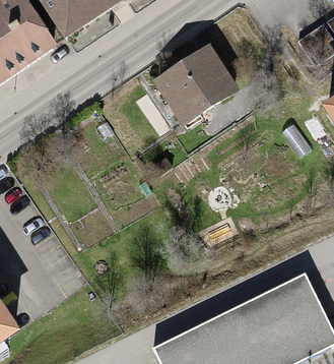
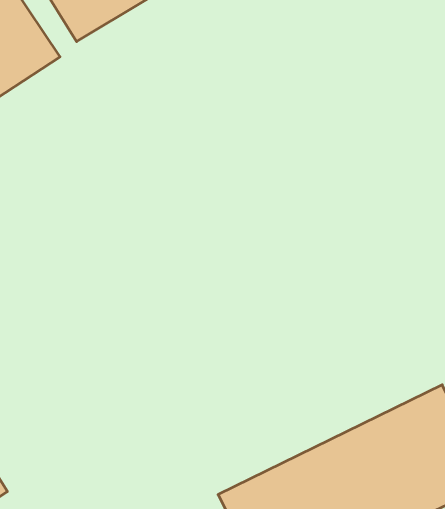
building: [152,43,242,130] -> none

